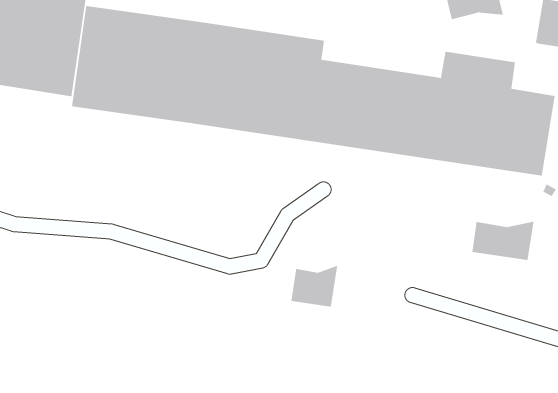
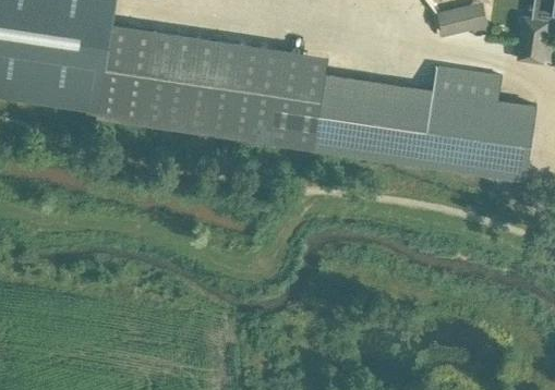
building: [472,221,534,261] -> none
building: [291,265,338,307] -> none

